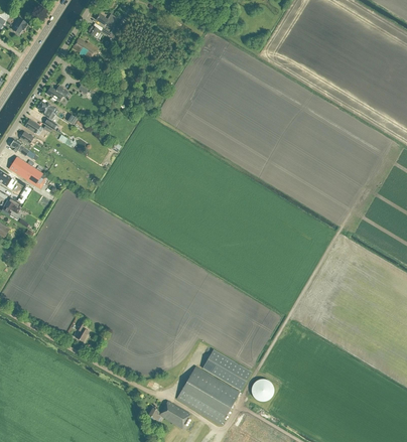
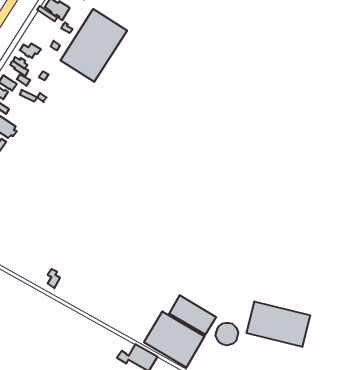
building: none -> [60,9,127,82]
building: none -> [247,301,310,347]

